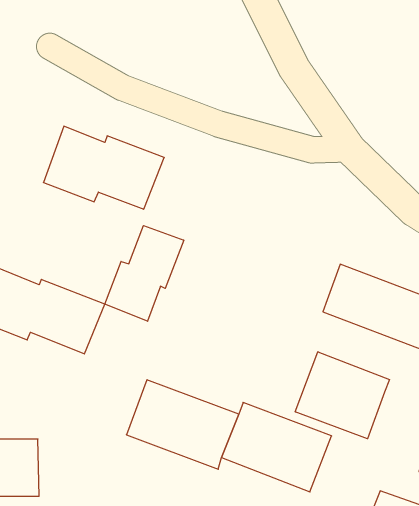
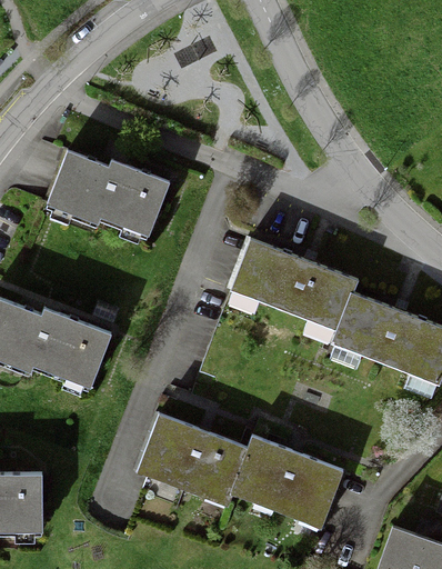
building: none -> [230,239,359,331]
building: [105,226,184,321] -> none
building: [295,352,390,439] -> none

